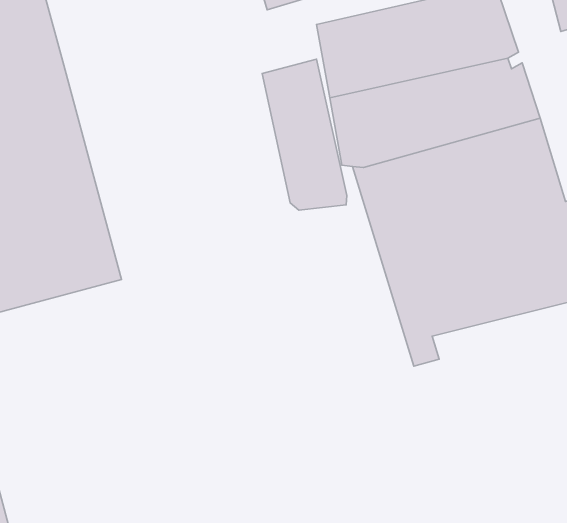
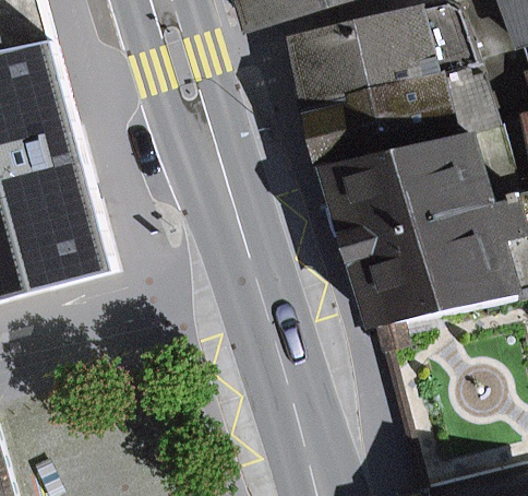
building: [262,59,347,210] -> none

